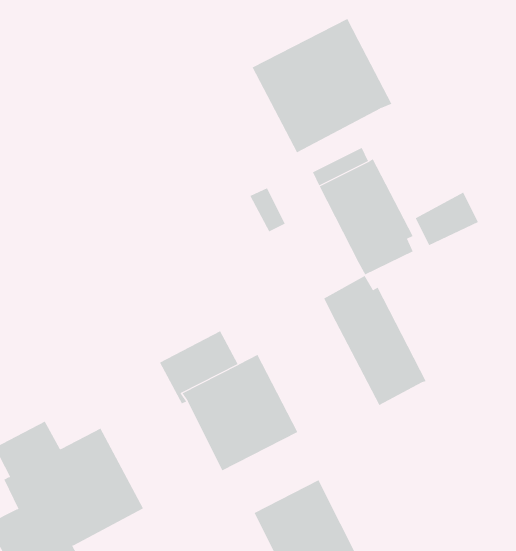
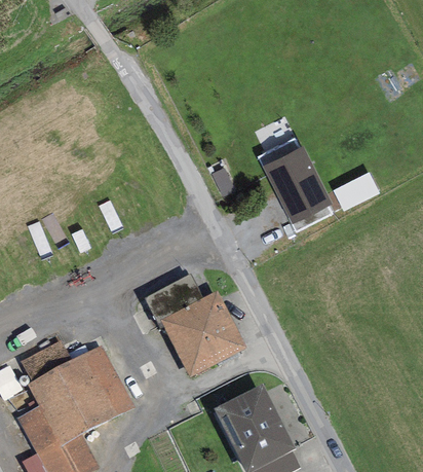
building: [252,18,392,153] -> none
building: [323,275,426,406] -> none

